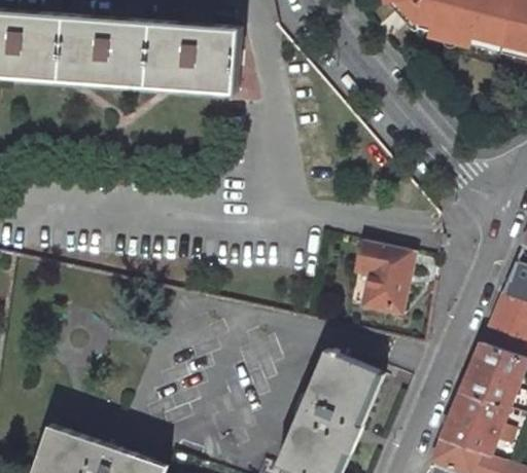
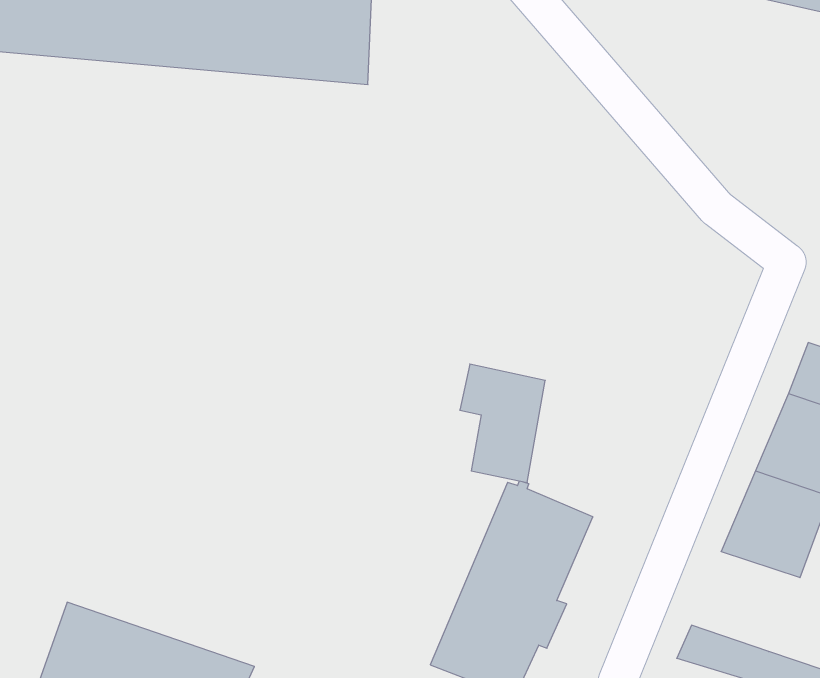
building: [358,238,412,312] -> [460,364,545,482]
building: [442,391,510,453] -> none

